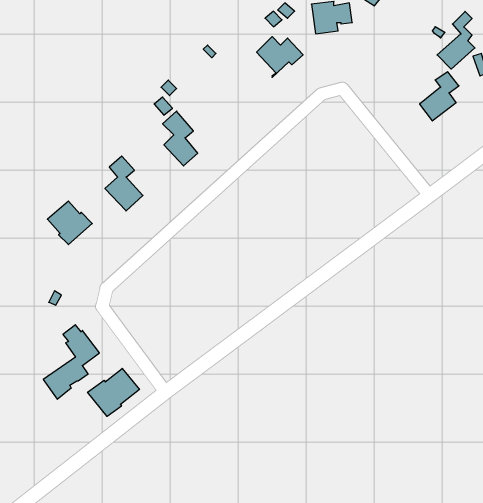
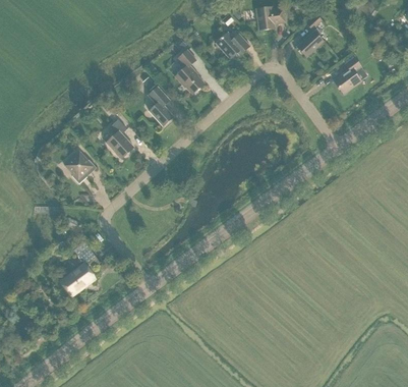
building: [437,11,475,69] -> [296,14,324,56]
building: none -> [175,49,203,93]
building: [88,368,139,416] -> none

